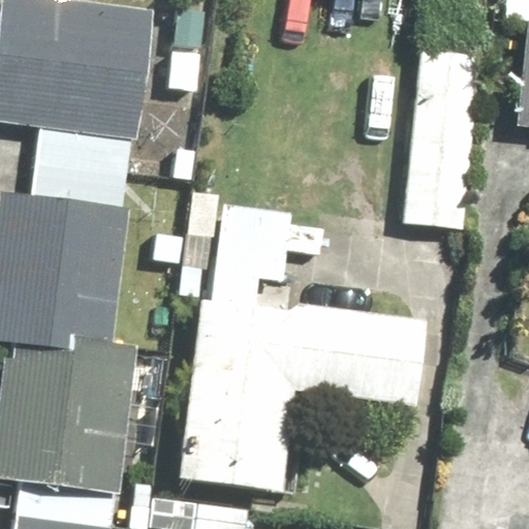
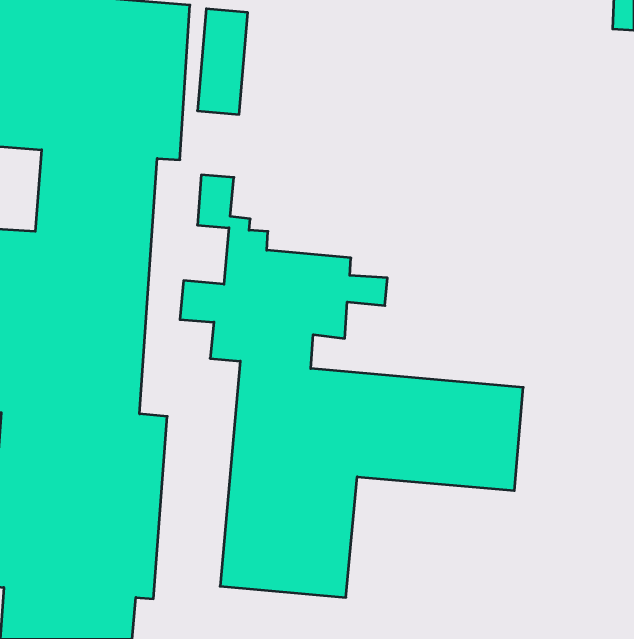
building: [395,48,475,229] -> none

